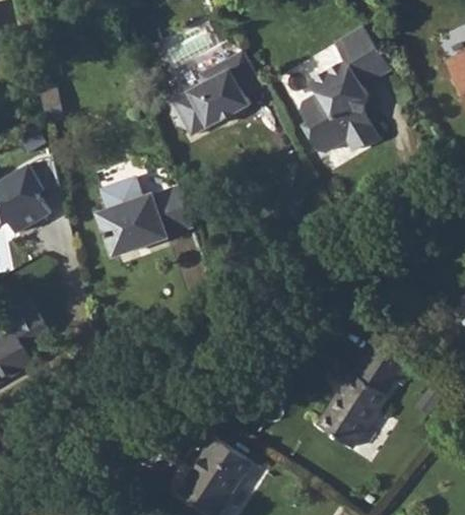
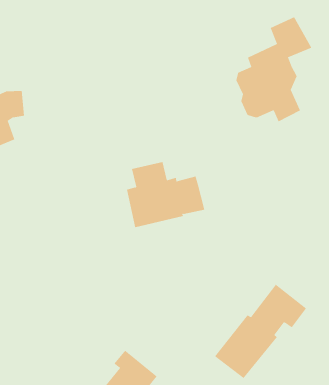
building: [170,54,260,141] -> none
building: [96,180,189,259] -> [126,162,205,228]

